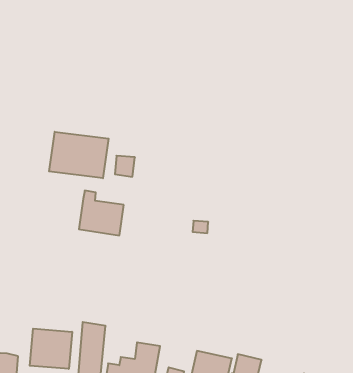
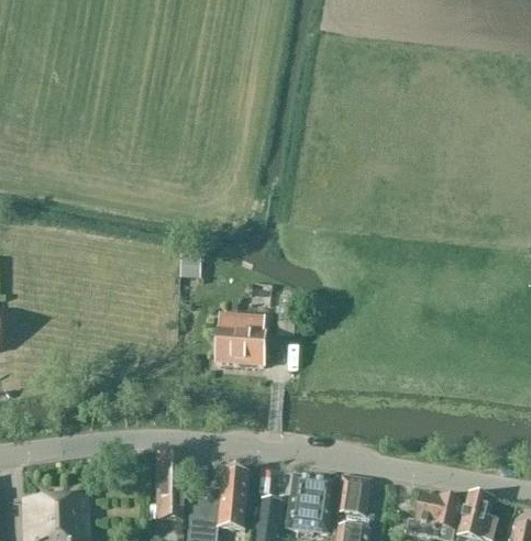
building: [49,132,109,178] -> none
building: [79,191,124,235] -> [217,318,267,367]
building: [30,329,72,369] -> none

